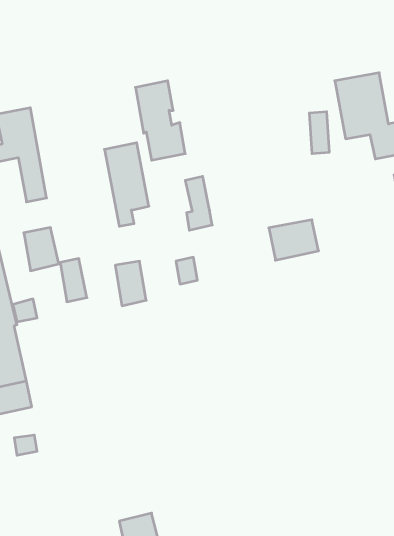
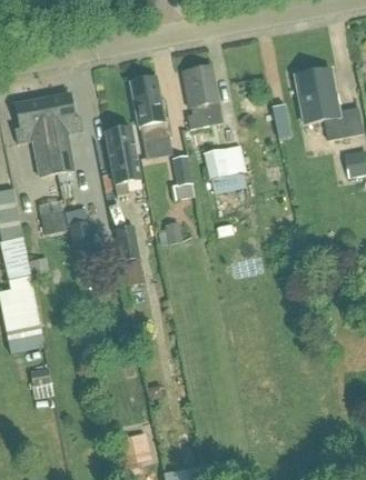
building: none -> [182,66,221,129]
building: none -> [43,92,82,172]
building: [269,220,319,260] -> [205,146,246,179]

